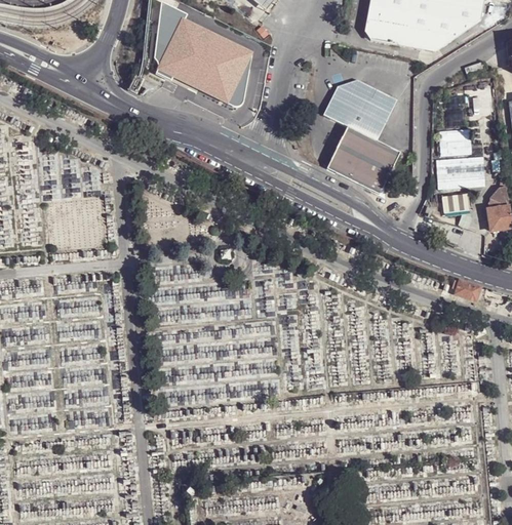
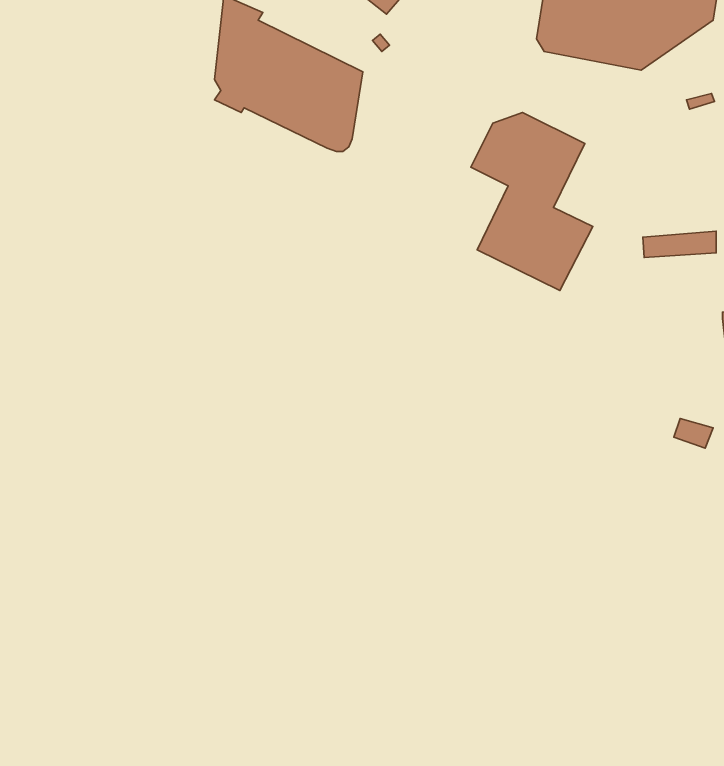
building: [438,129,470,156] -> none
building: [436,170,484,189] -> none
building: [441,194,469,214] -> none

